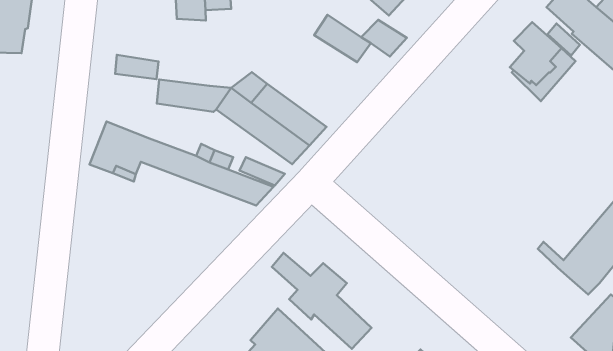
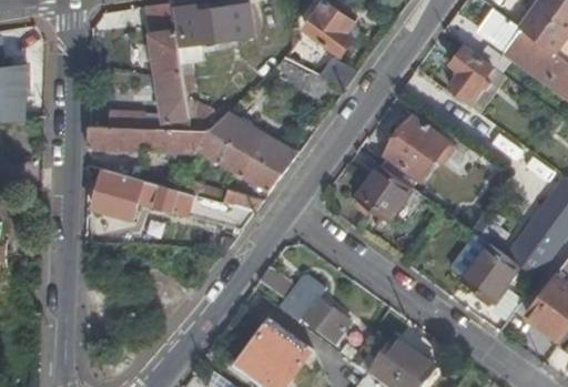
building: none -> [155,72,189,120]
building: none -> [88,125,143,149]
building: none -> [384,114,448,179]
building: none -> [355,163,410,218]
building: none -> [459,241,517,302]

